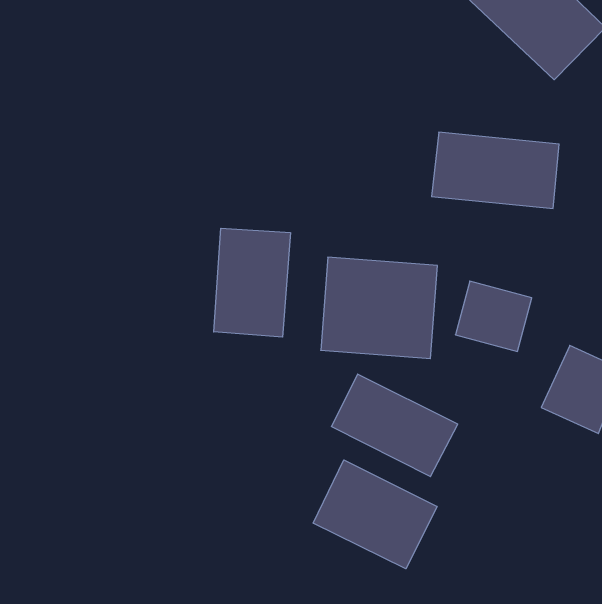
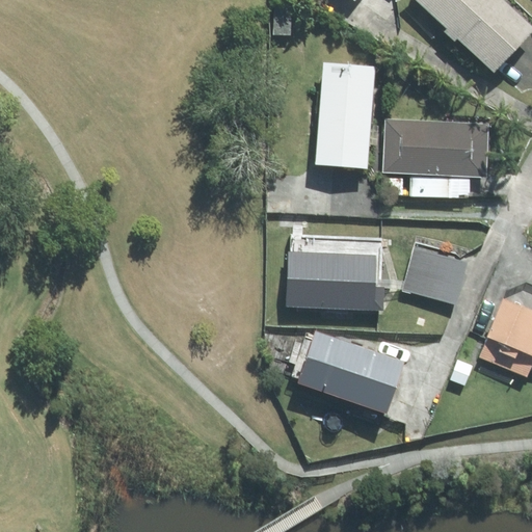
building: none -> [314,62,375,172]
building: [214,228,290,337] -> none
building: [313,460,437,569] -> none

